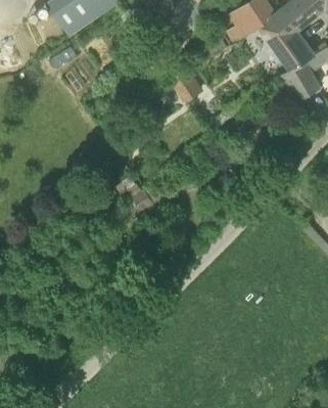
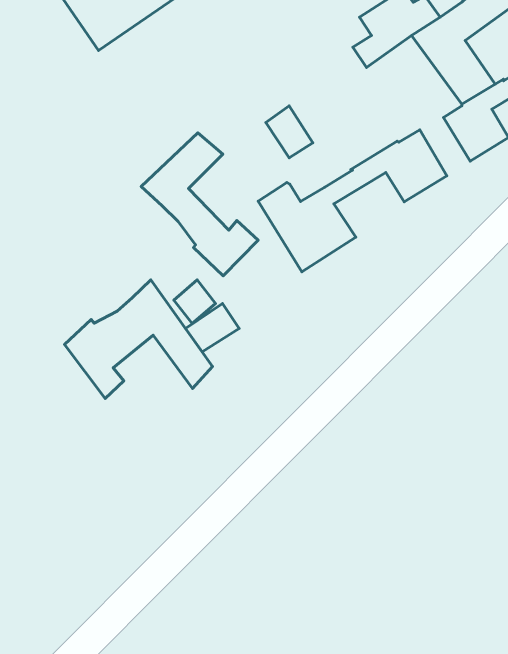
building: none -> [258,130,447,272]
building: none -> [141,133,258,276]
building: none -> [64,280,213,399]

